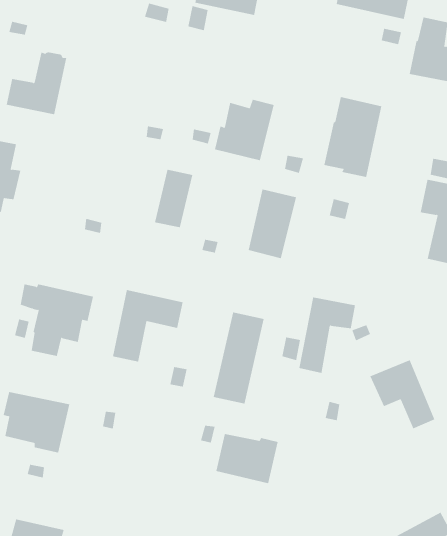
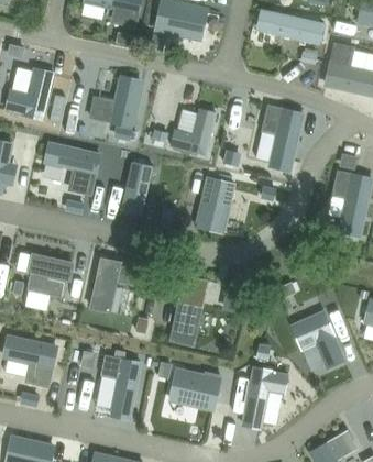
building: none -> [90,77,140,125]
building: none -> [45,143,99,194]
building: [298,297,356,374] -> [242,367,287,428]
building: none -> [102,355,140,418]

